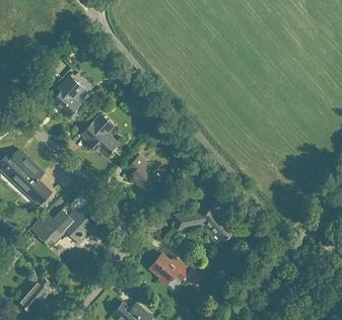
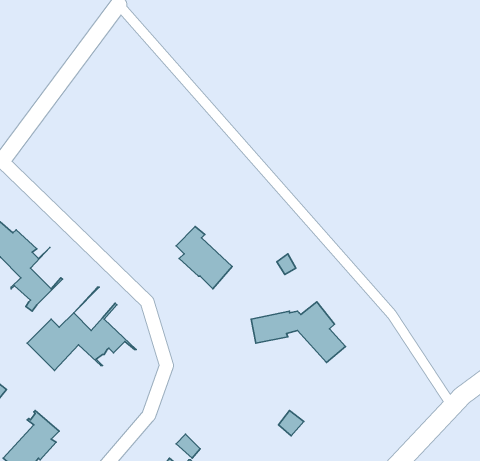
building: [51,76,83,116] -> none
building: [84,112,117,156] -> none
building: [149,253,190,285] -> none

